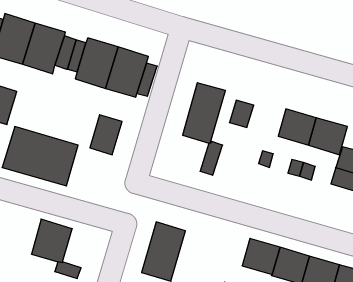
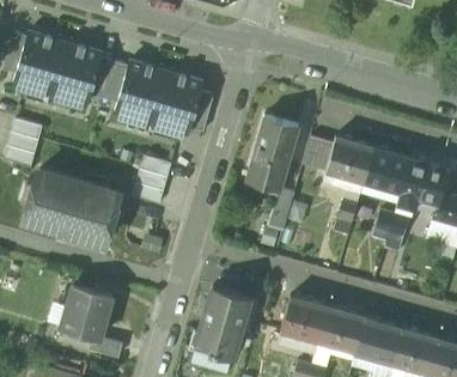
building: none -> [325,139,373,183]
building: none -> [281,298,329,342]

